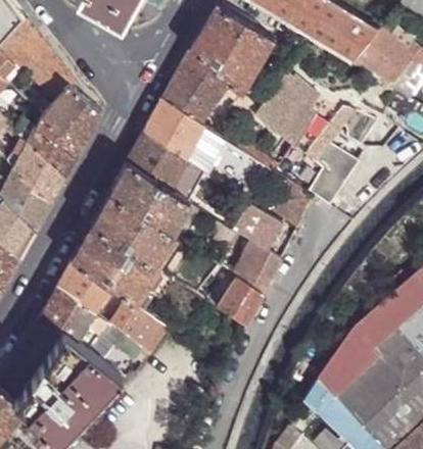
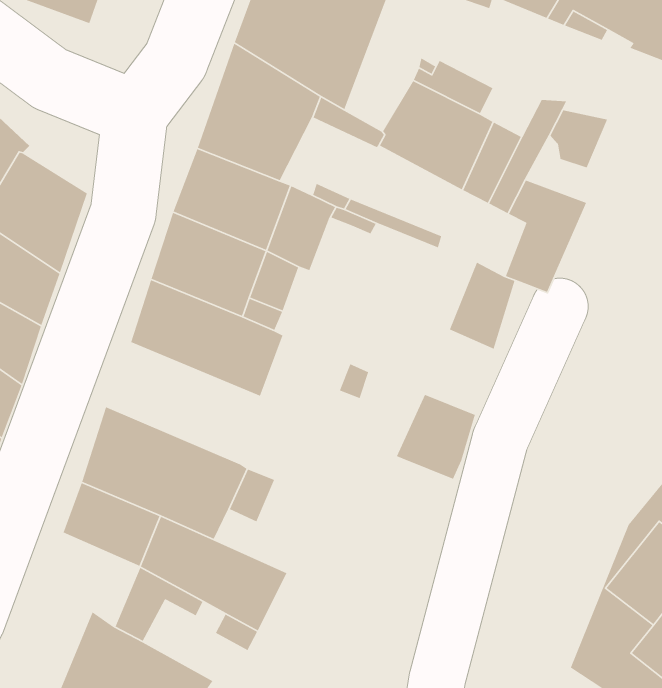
building: [91,193,176,265] -> none
building: [234,203,281,248] -> none
building: [217,278,264,326] -> none
building: [43,285,94,338] -> none

